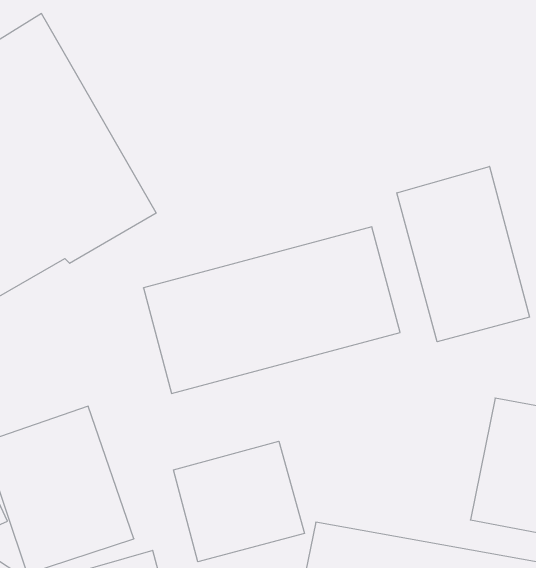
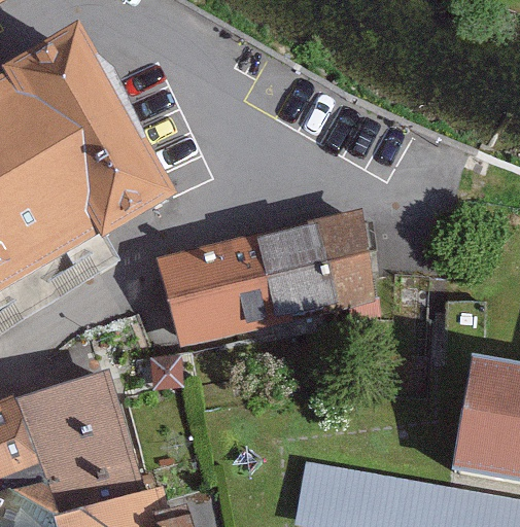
building: [397,166,530,342] -> none
building: [173,441,304,562] -> none

